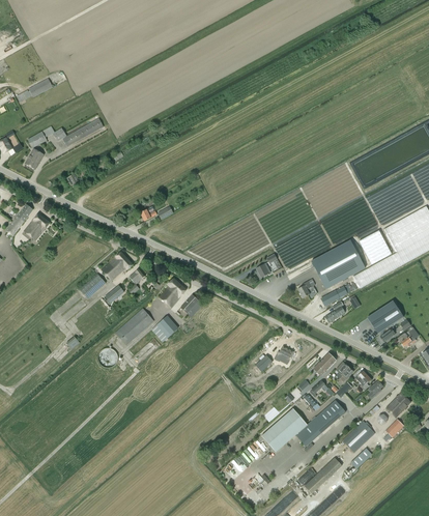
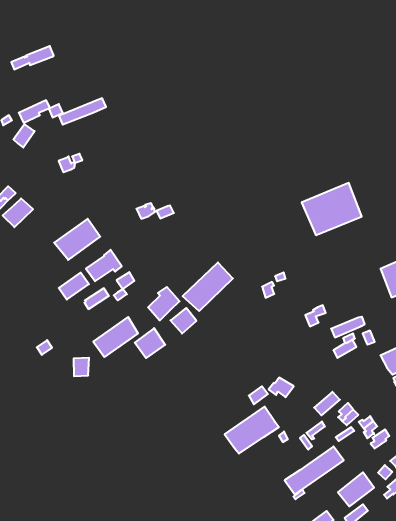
building: none -> [54,219,100,260]
building: [311,239,365,288] -> [302,183,362,235]
building: none -> [183,262,233,311]
building: [261,407,308,451] -> [225,407,279,454]

